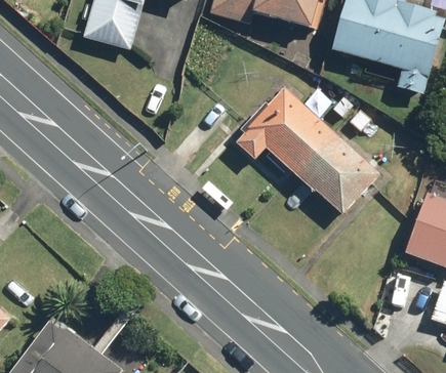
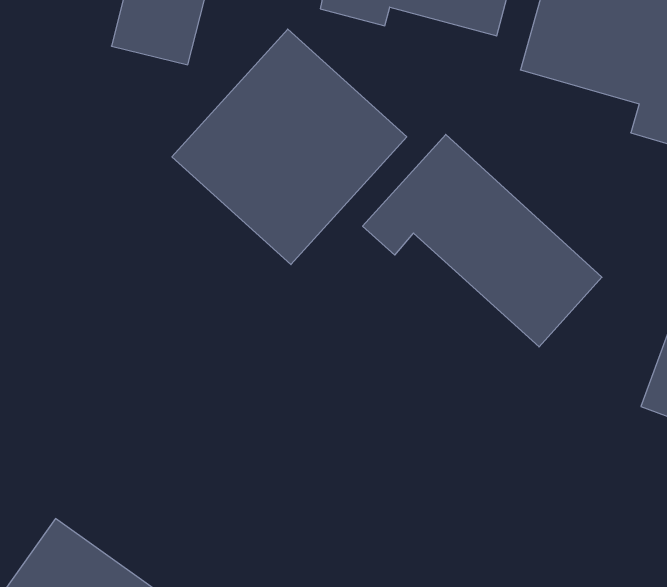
building: none -> [172,29,407,265]

